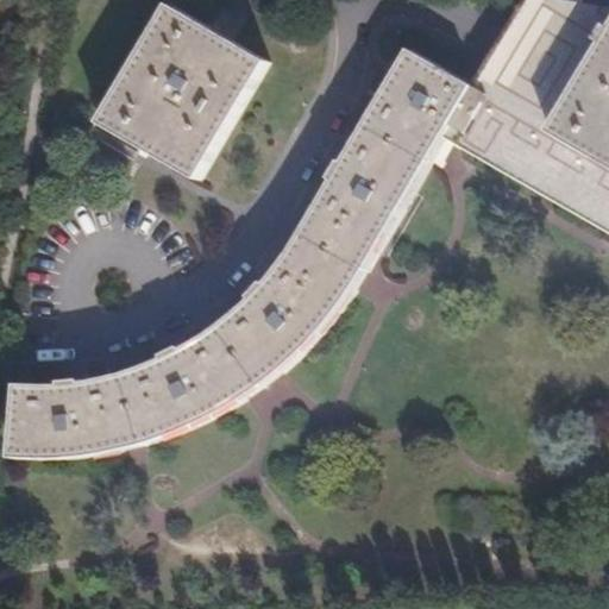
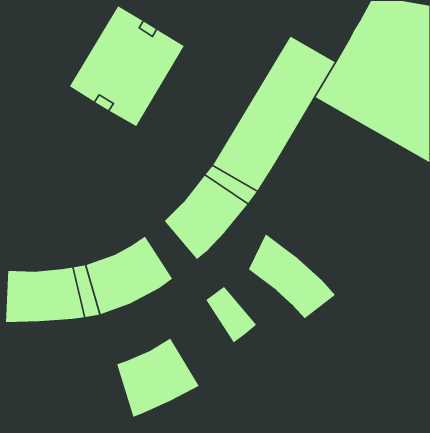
building: [203,310,276,391] -> [205,286,257,343]
building: none -> [248,233,336,319]
building: none -> [116,338,200,418]

